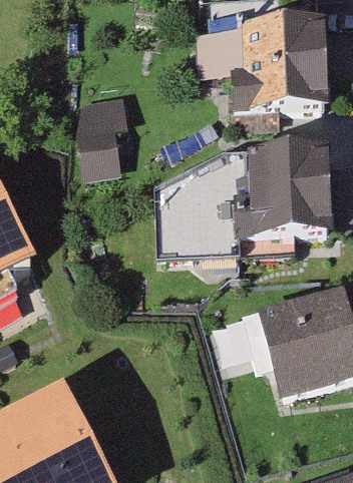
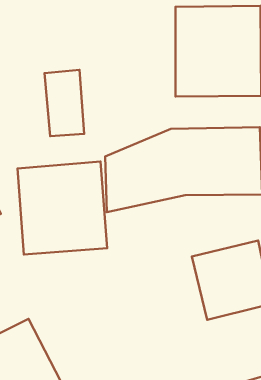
building: none -> [17,161,107,255]

